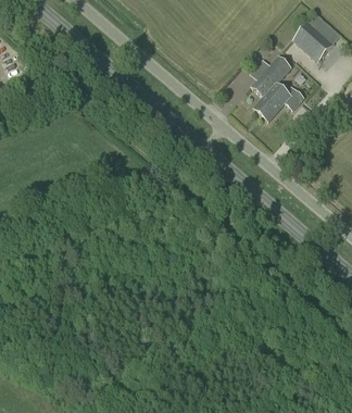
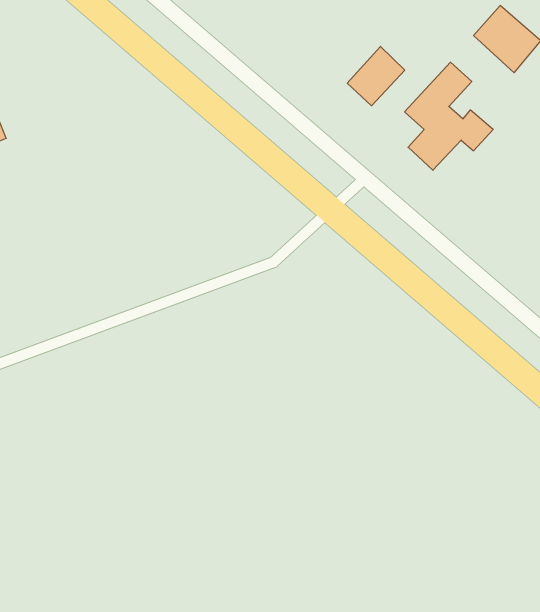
building: none -> [347,46,405,106]

